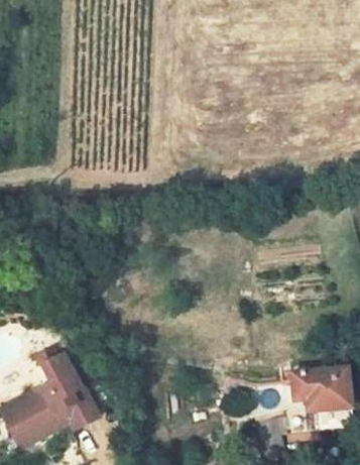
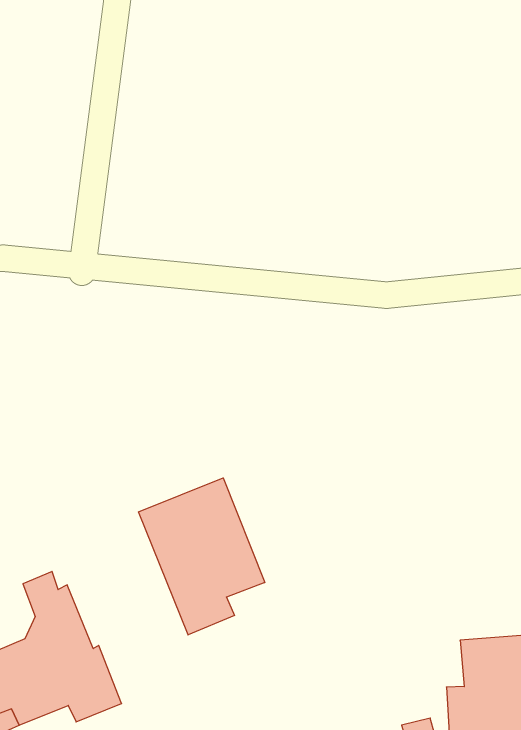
building: none -> [138,478,265,635]

